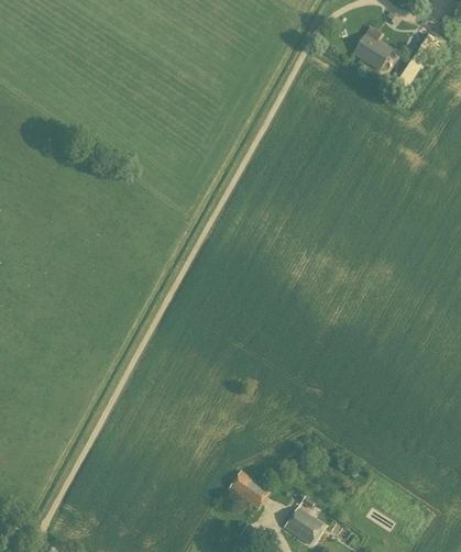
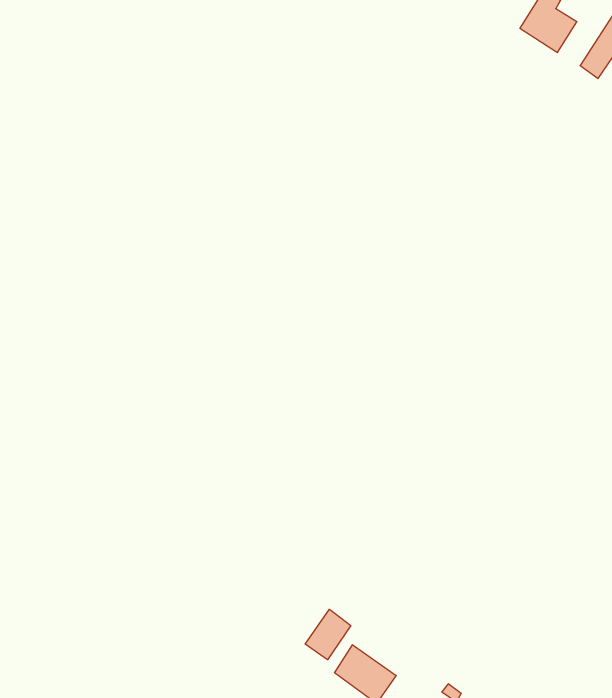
building: none -> [305,609,351,660]

